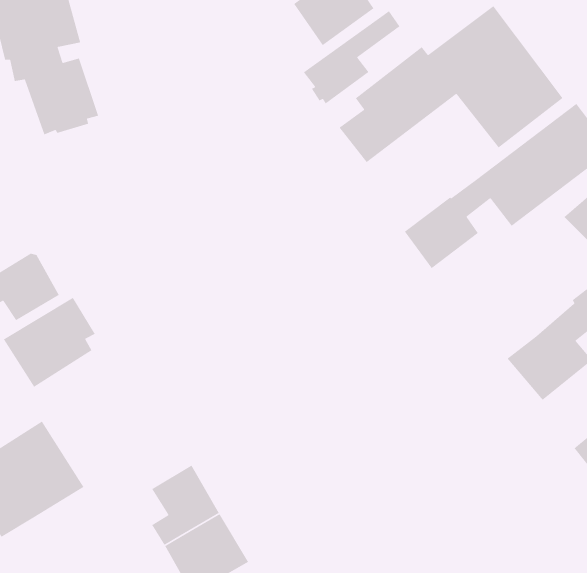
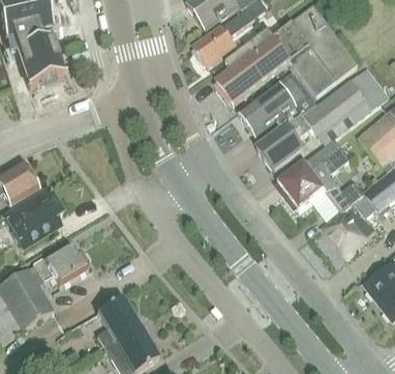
building: none -> [238,71,317,137]
building: none -> [279,147,365,214]
building: none -> [34,242,90,286]

